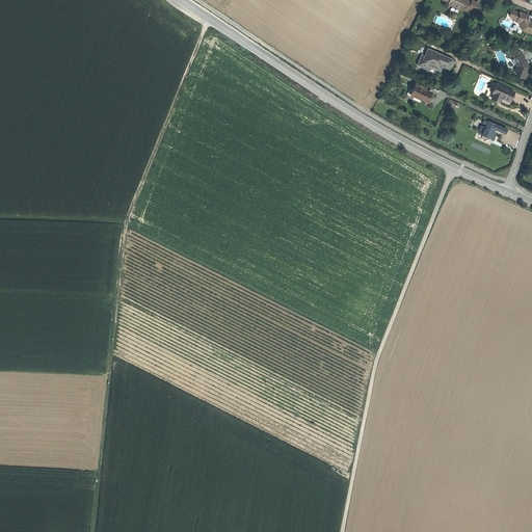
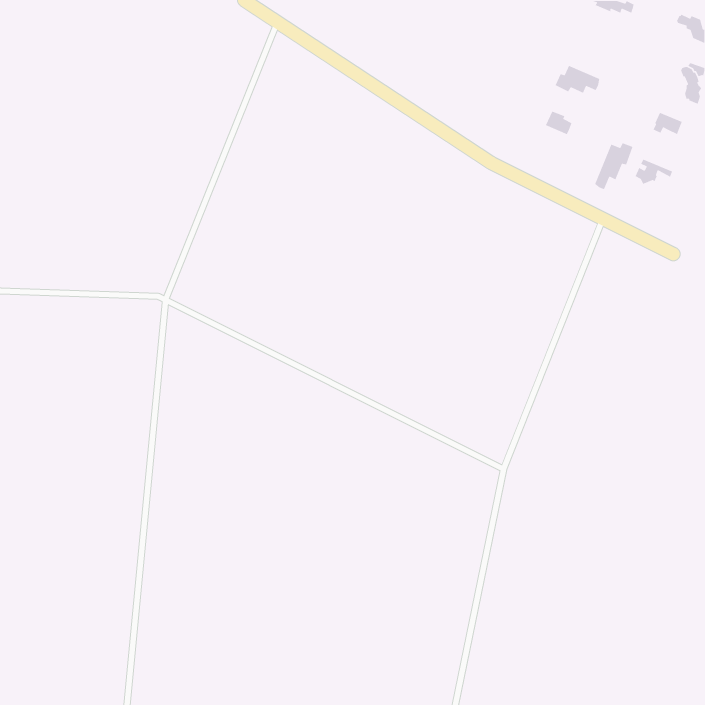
building: none -> [594,142,634,190]

